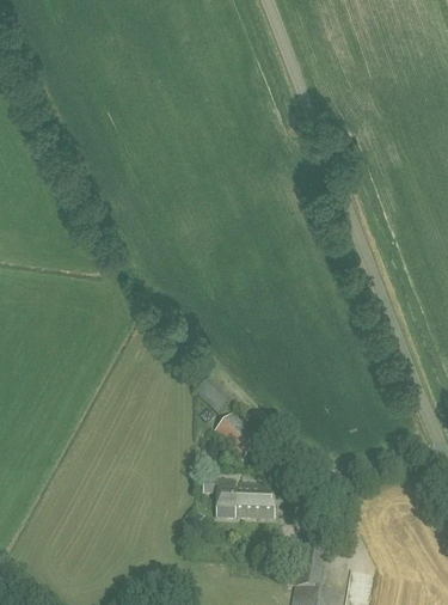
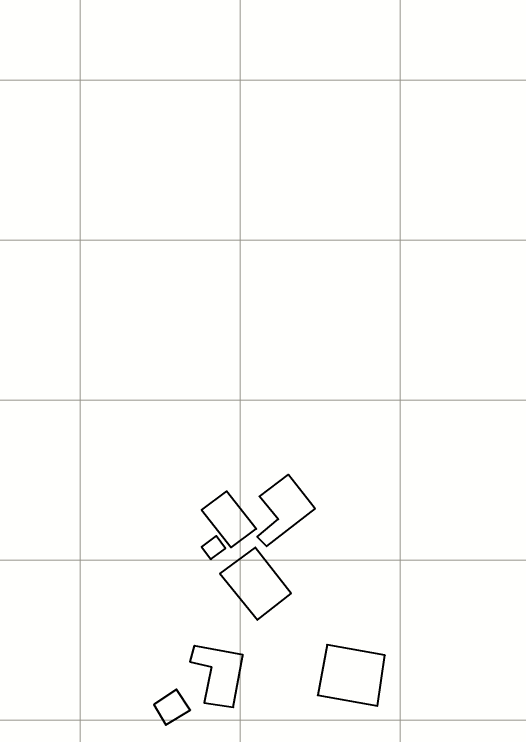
building: none -> [257,475,315,546]
building: [234,483,274,518] -> [318,645,385,706]

